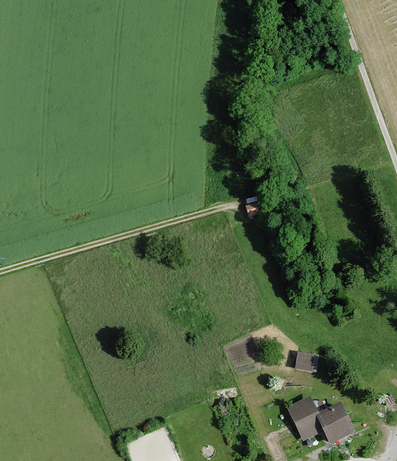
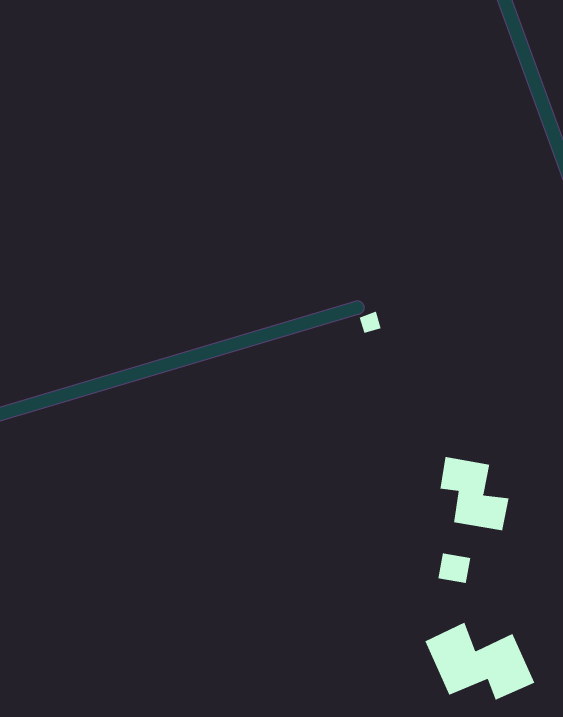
building: none -> [440,456,509,531]

